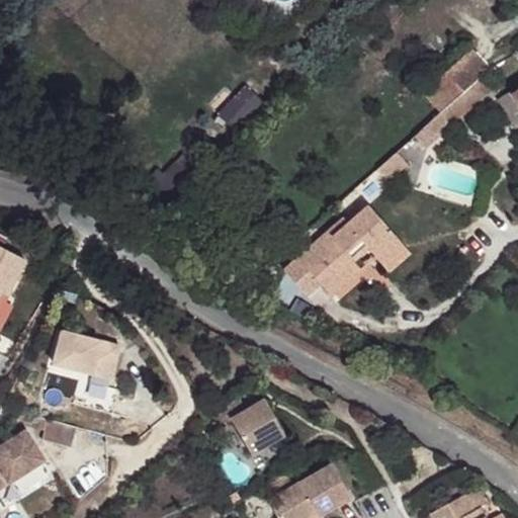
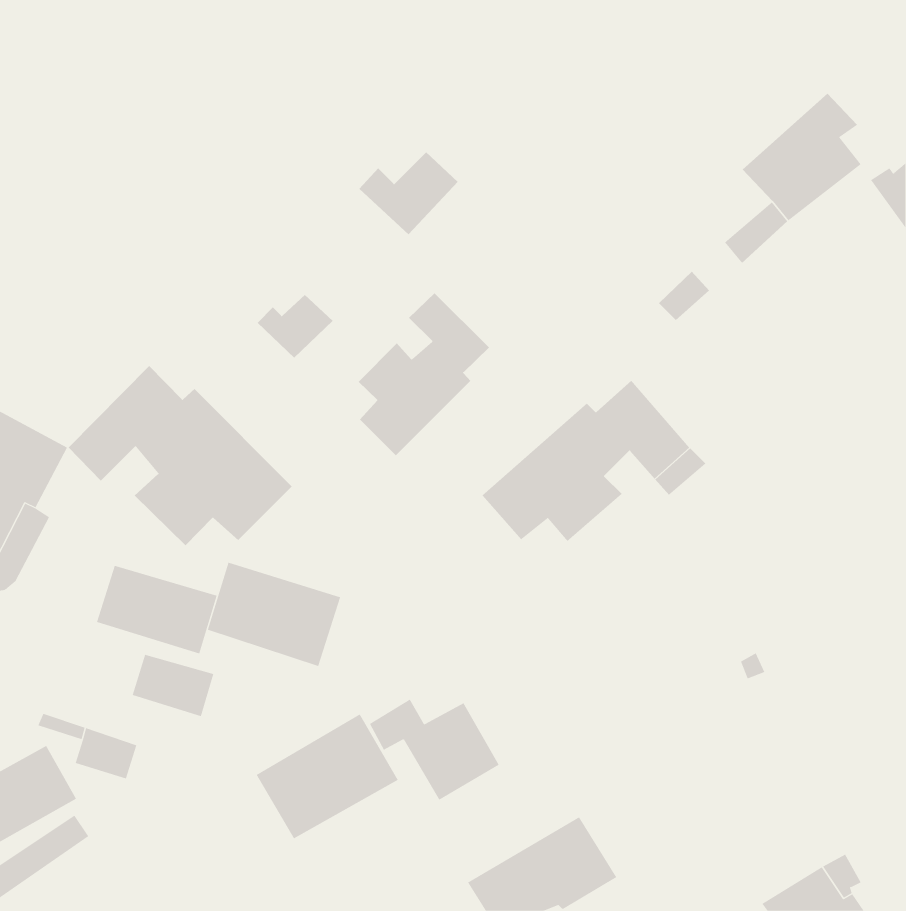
building: none -> [358,293,490,456]
building: none -> [68,365,292,546]
building: none -> [207,562,341,667]
building: none -> [256,713,398,839]

